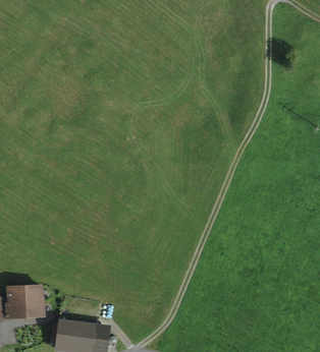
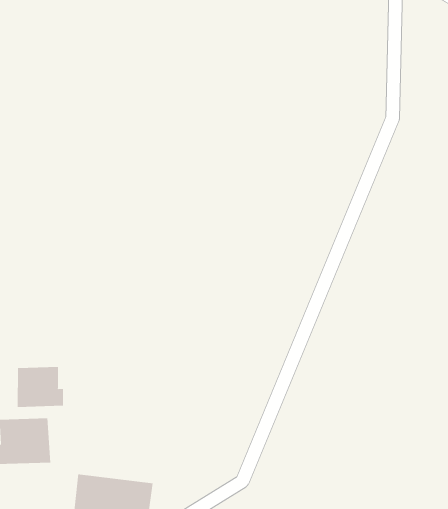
building: none -> [17,366,64,408]

